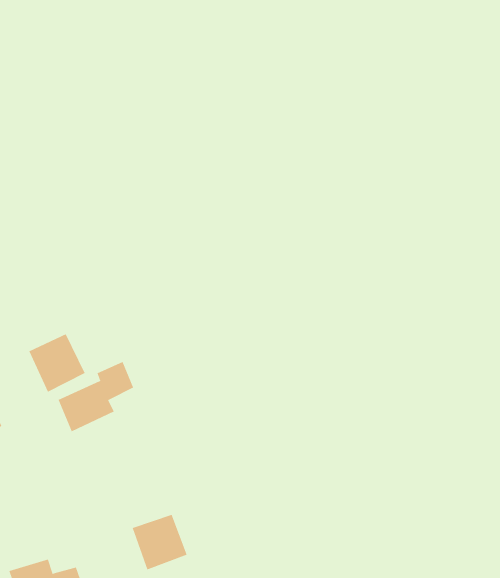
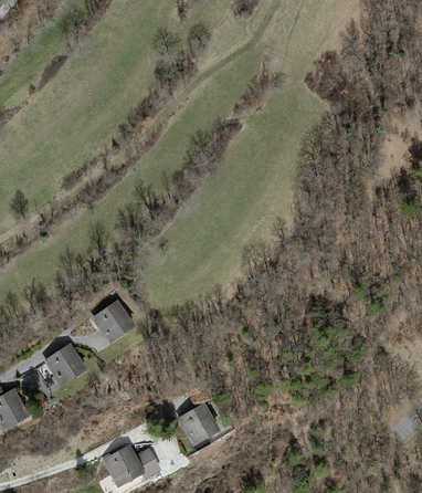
building: [58,361,134,432] -> none

